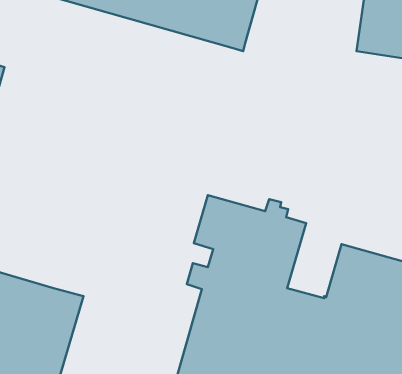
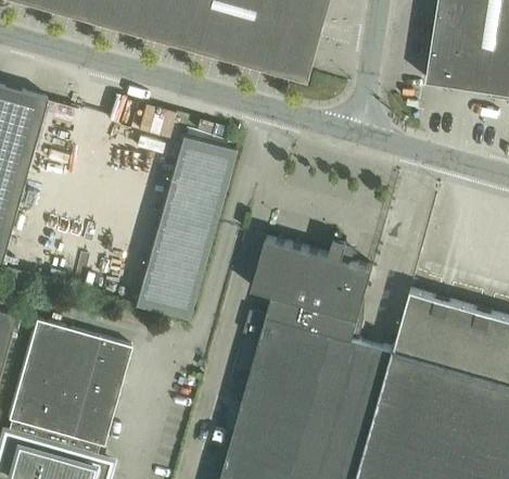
building: none -> [129,144,224,326]

